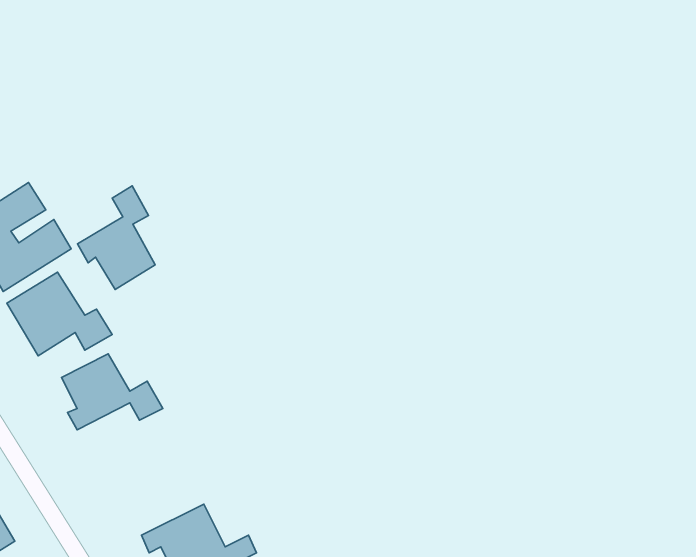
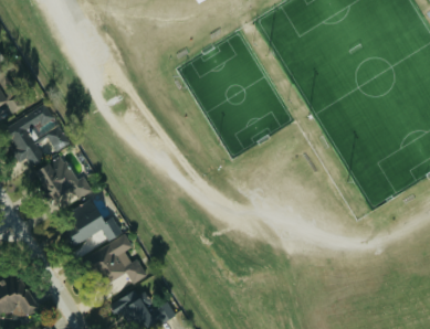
building: [77,186,155,289] -> none
building: none -> [86,235,146,287]

